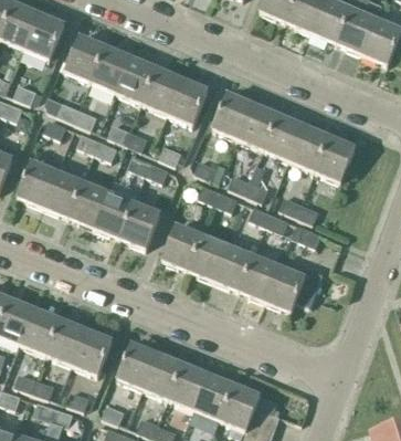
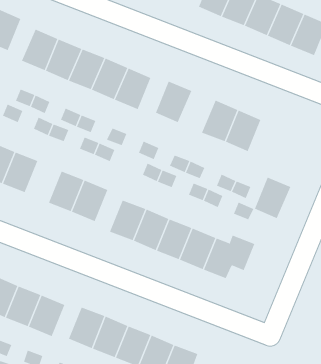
building: [238,104,278,150] -> none
building: [315,136,356,182] -> [254,177,291,219]
building: [68,181,108,228] -> none

